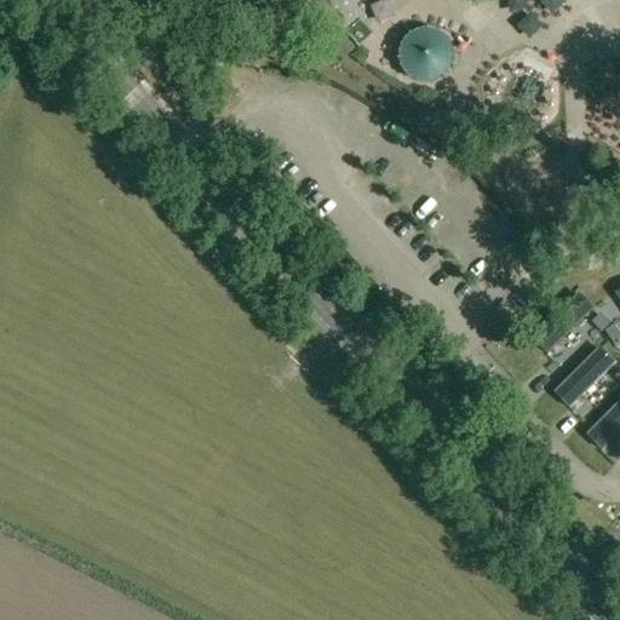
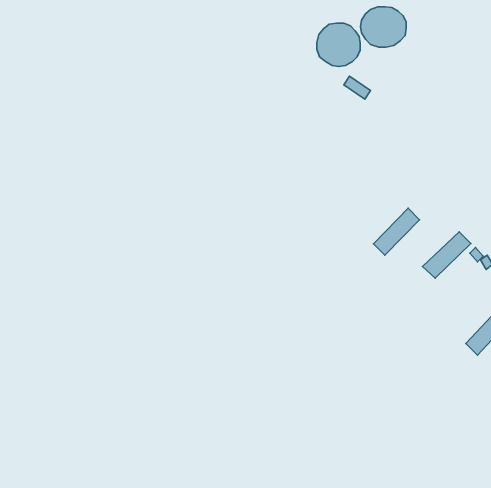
building: none -> [360,7,406,47]
building: [556,345,614,404] -> [373,208,420,255]

